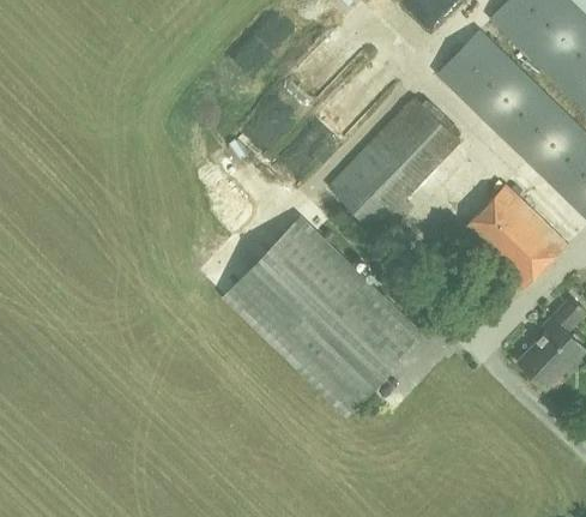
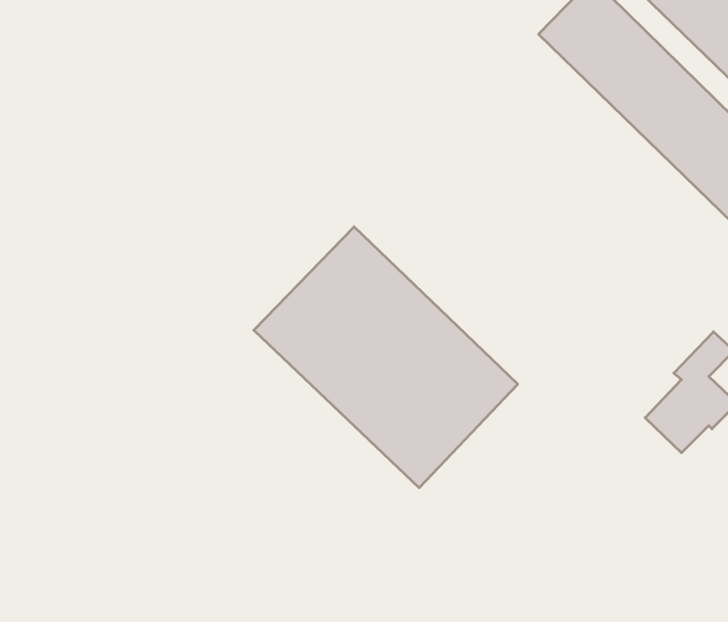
building: [327,95,463,239] -> none
building: [461,184,568,302] -> none

